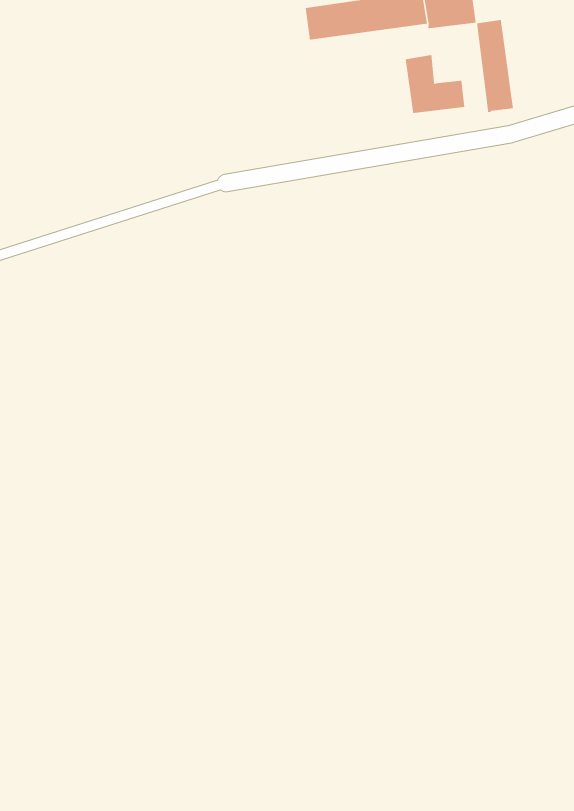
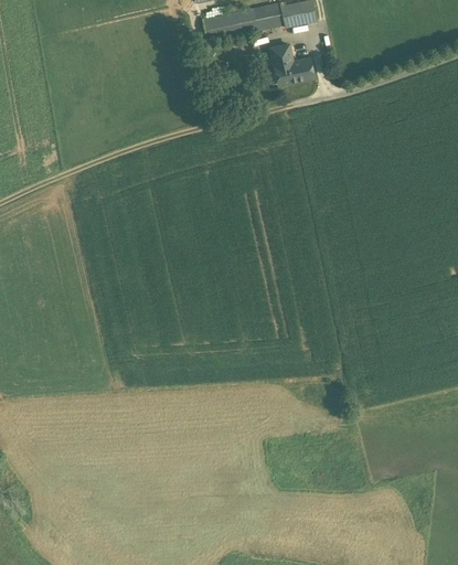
building: [477,19,514,113] -> none

